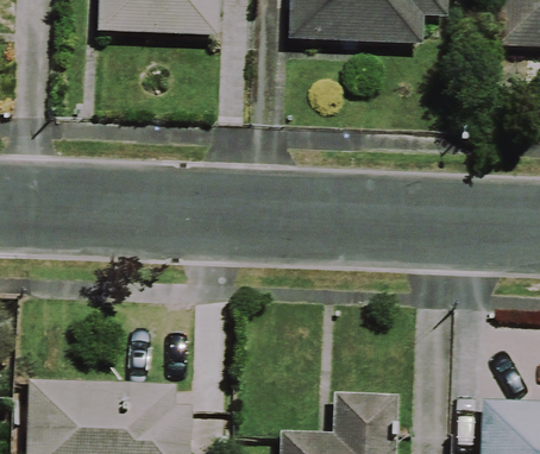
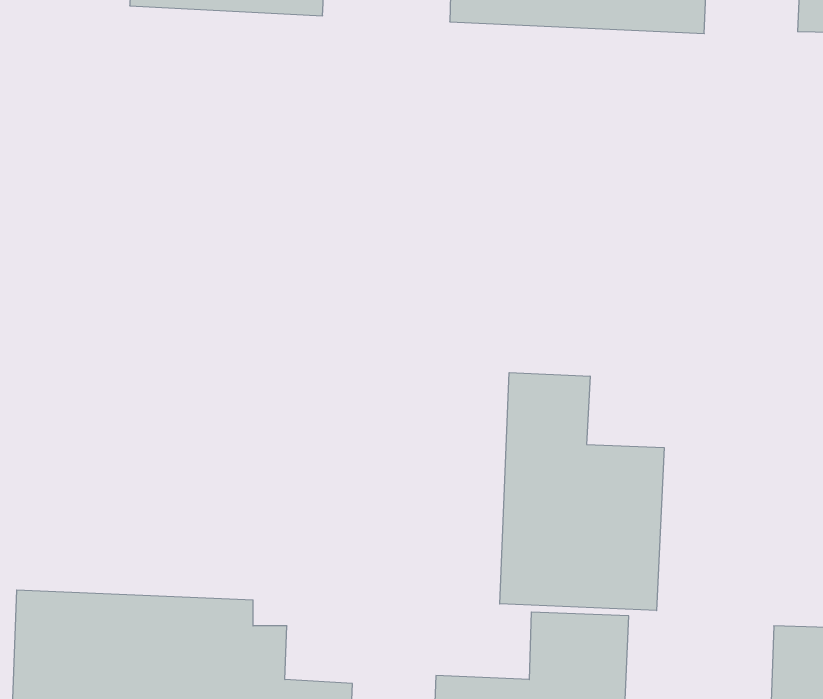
building: none -> [500,373,664,611]

